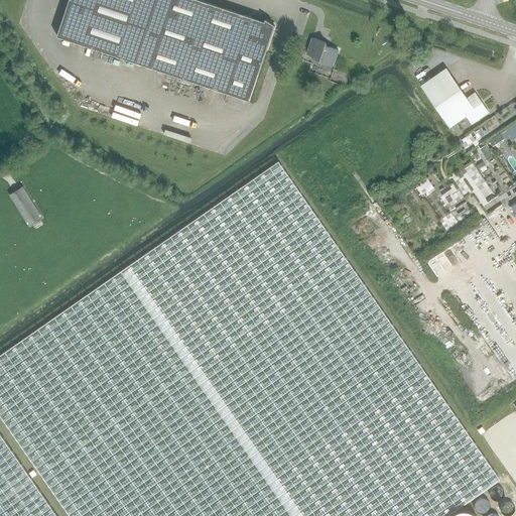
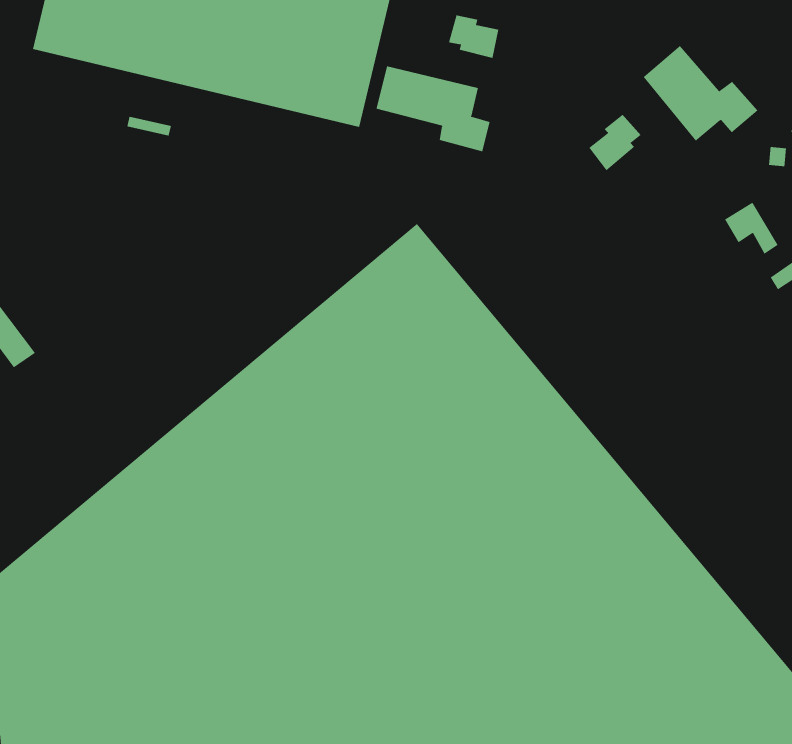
building: none -> [376,66,490,152]
building: none -> [589,114,642,171]

